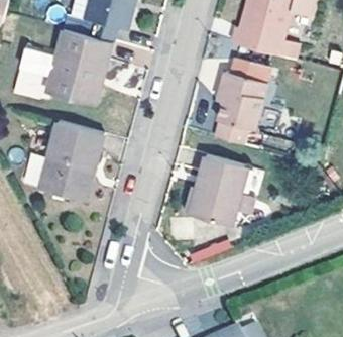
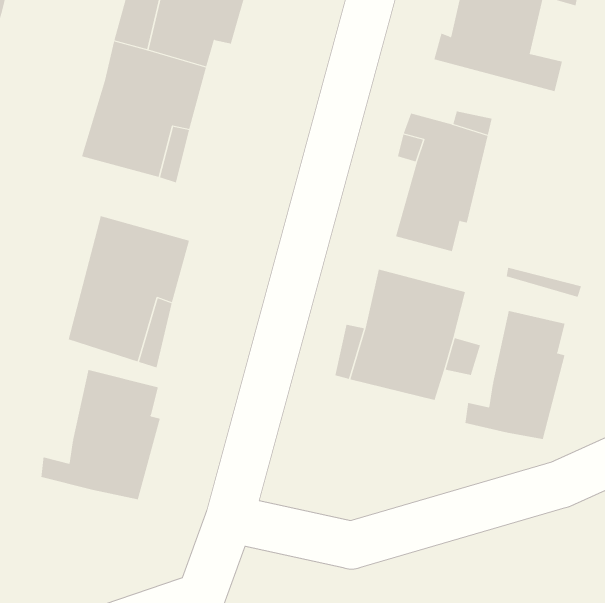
building: [21,41,58,89] -> none
building: none -> [465,310,565,440]
building: none -> [41,369,160,500]

